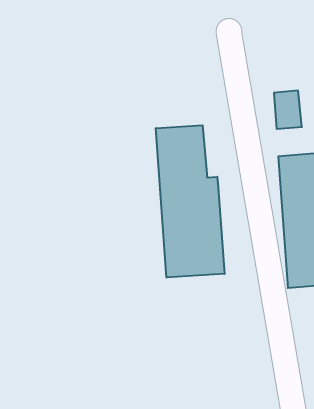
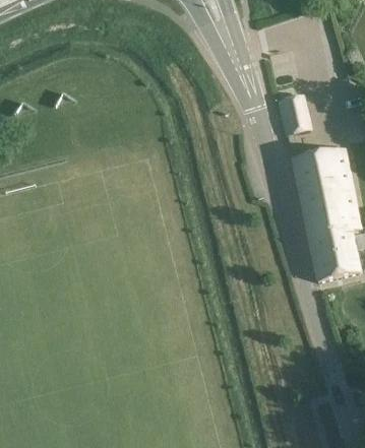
building: [156,125,225,278] -> none

